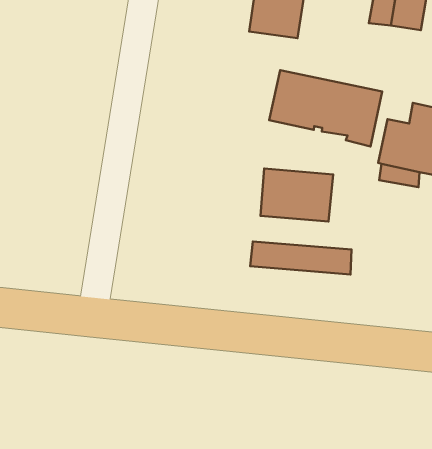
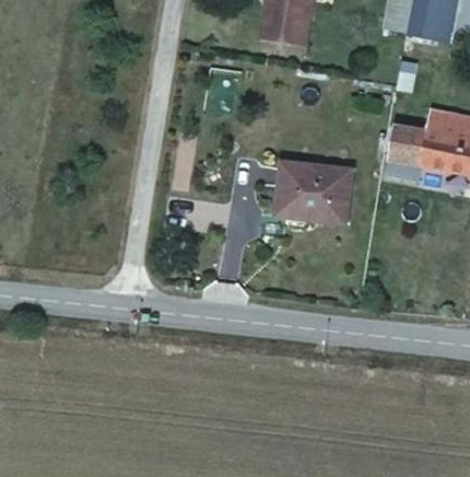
building: [269,70,382,146] -> none
building: [250,241,352,274] -> none

